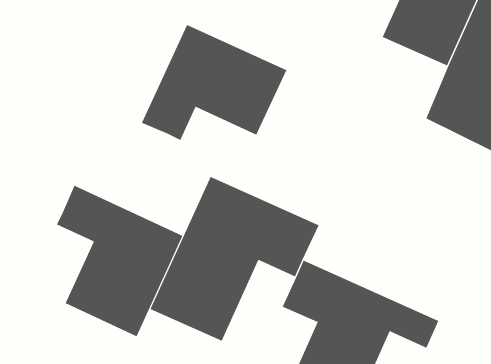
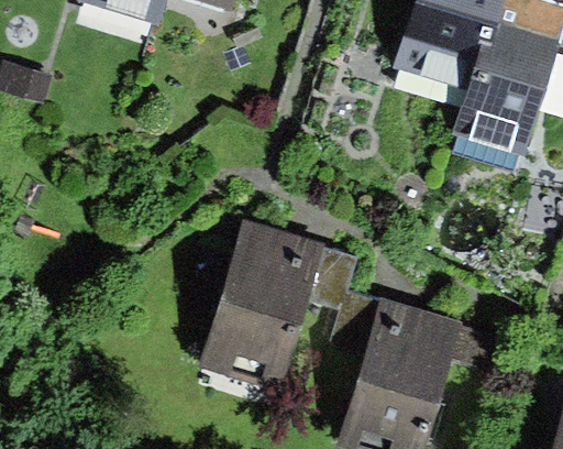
building: [141,24,287,141] -> none
building: [56,185,183,337] -> none

